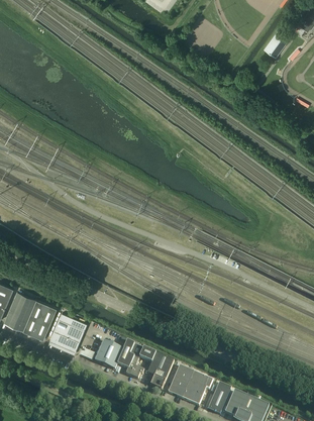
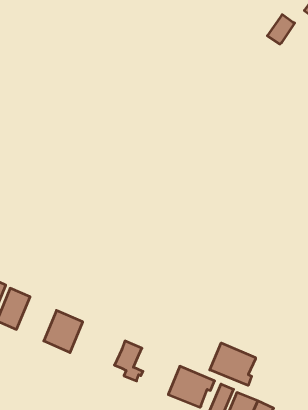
building: [22,298,56,337] -> none
building: [94,340,123,369] -> none
building: none -> [210,343,256,385]
building: [138,347,173,389] -> none

